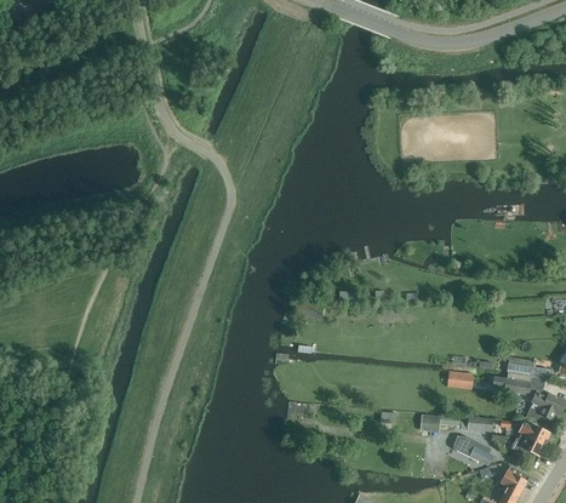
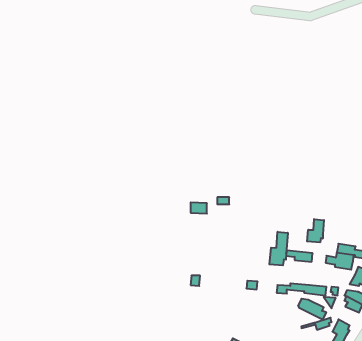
building: none -> [307,219,324,242]
building: none -> [269,232,288,265]

